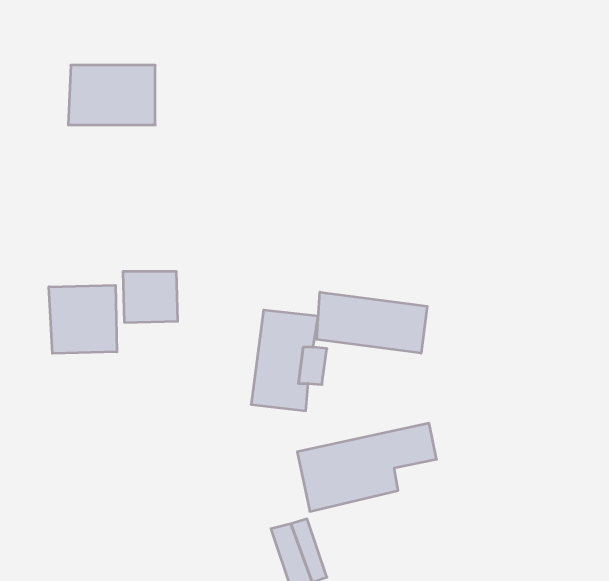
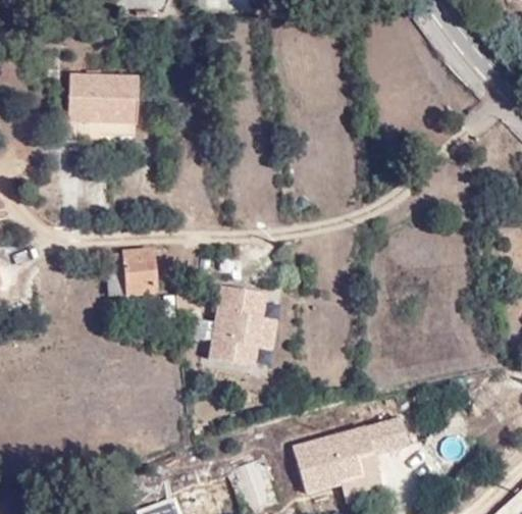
building: [49,285,117,353] -> none
building: [317,292,427,353] -> none
building: [297,423,437,511] -> [293,421,407,494]

